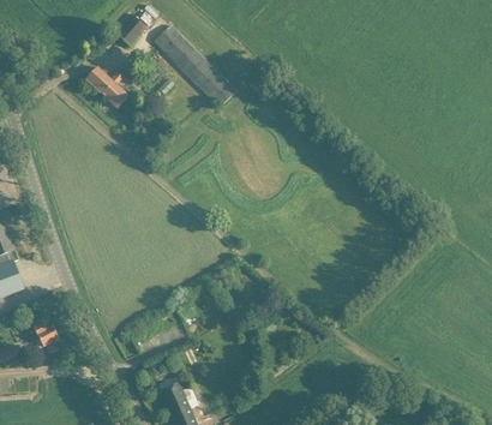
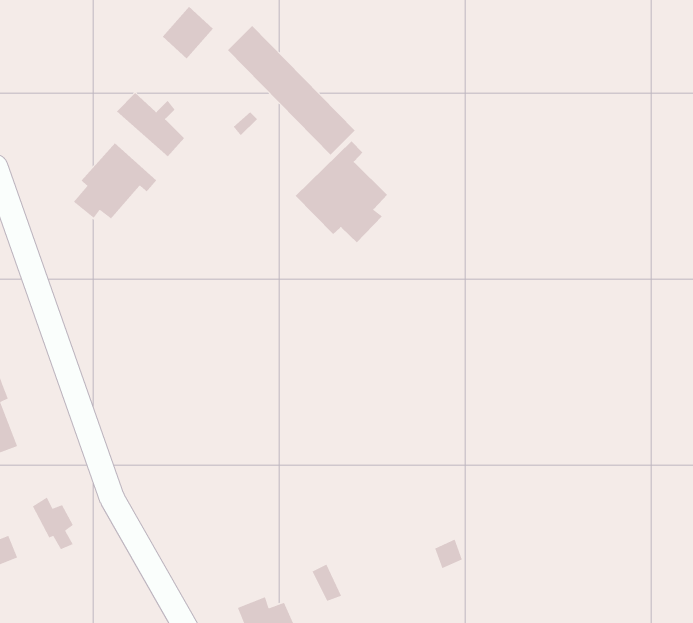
building: none -> [295,141,388,243]
building: none -> [73,143,157,220]

